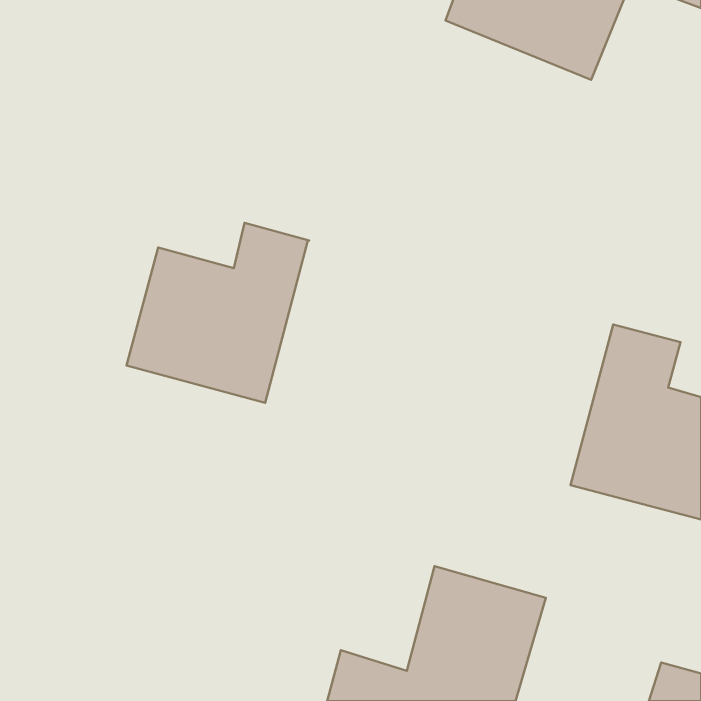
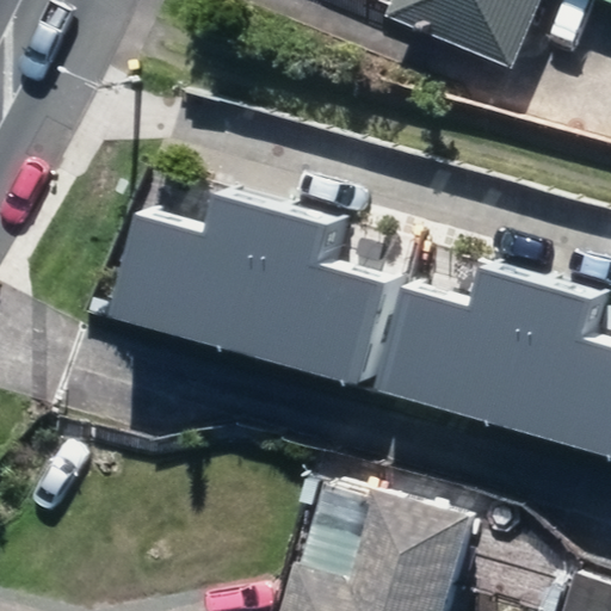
building: none -> [230,209,383,383]
building: none -> [375,266,532,421]

